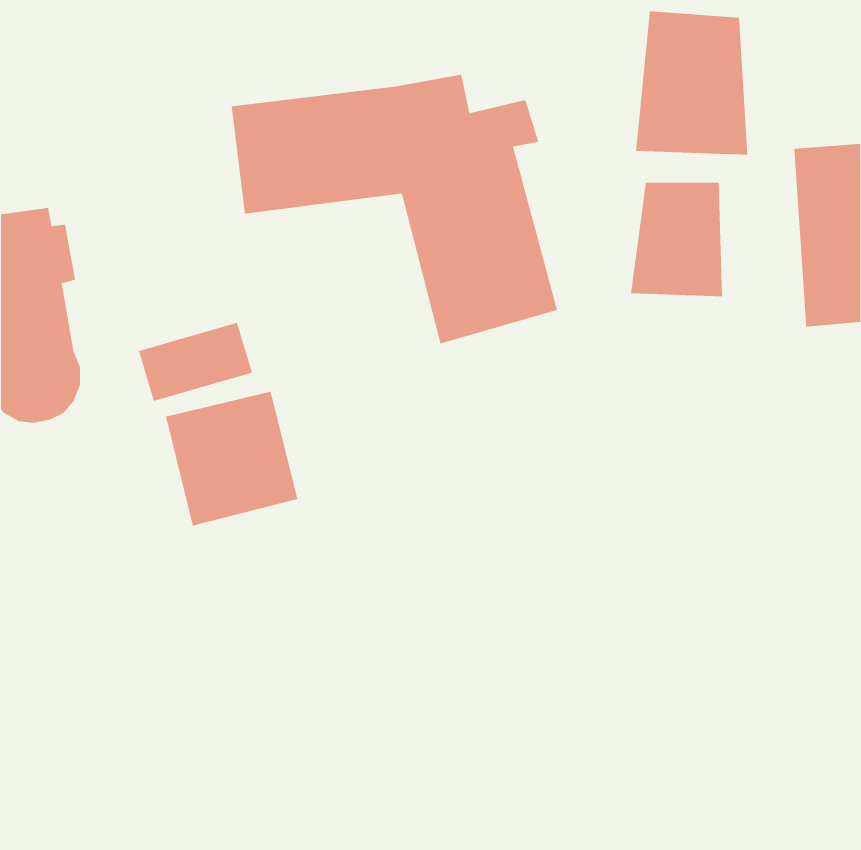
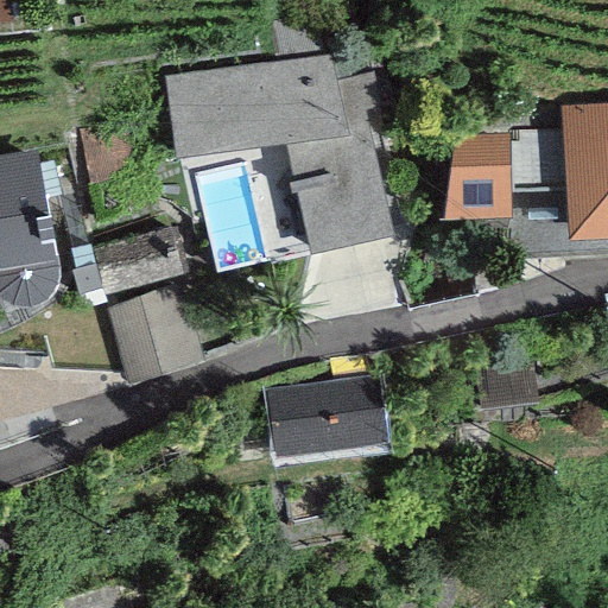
building: [635,11,748,156] -> none
building: none -> [265,380,387,457]

